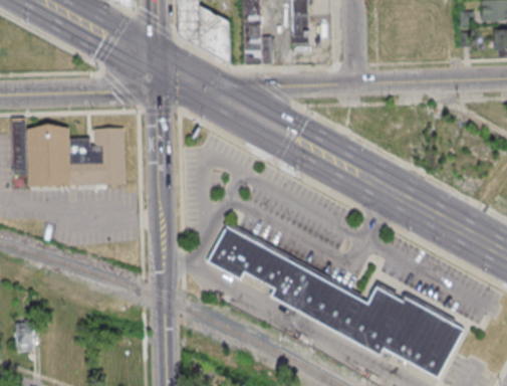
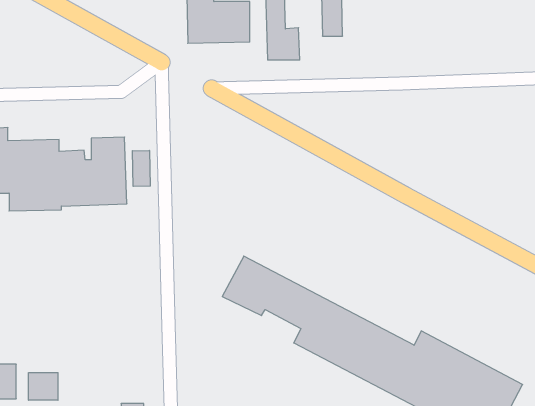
building: none -> [132,150,150,186]
building: none -> [29,373,58,400]

